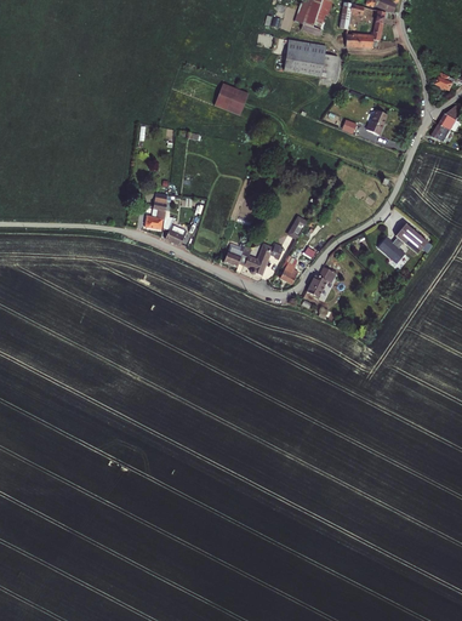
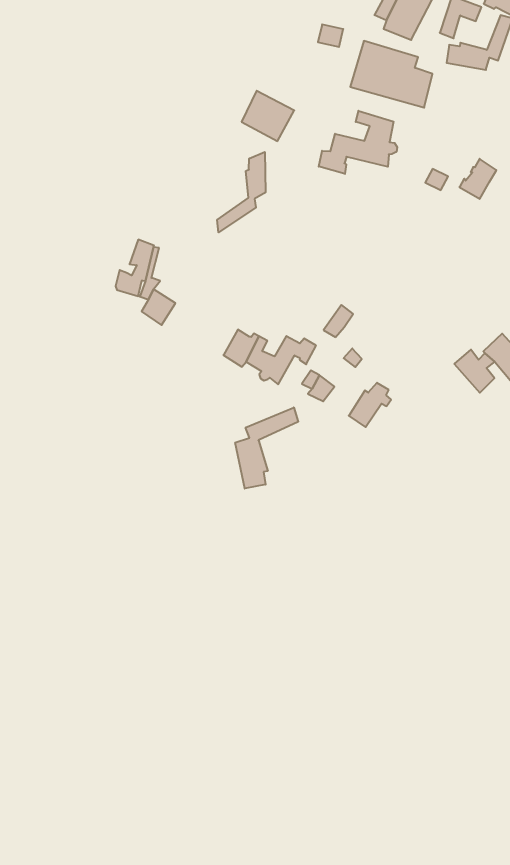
building: none -> [319,111,397,174]
building: none -> [217,152,265,232]
building: none -> [235,407,298,489]

